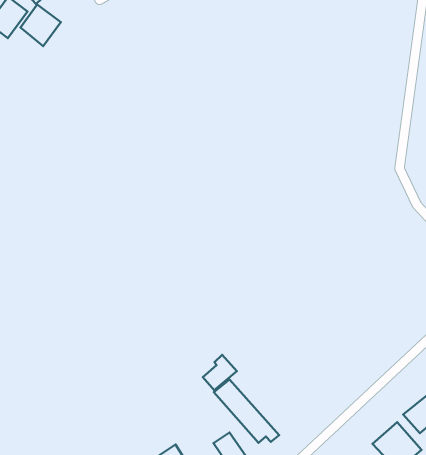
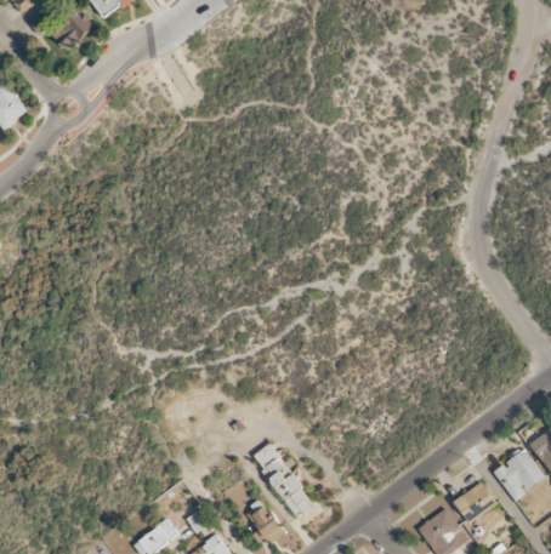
building: [20,5,61,46] -> none
building: [203,355,237,390] -> none

